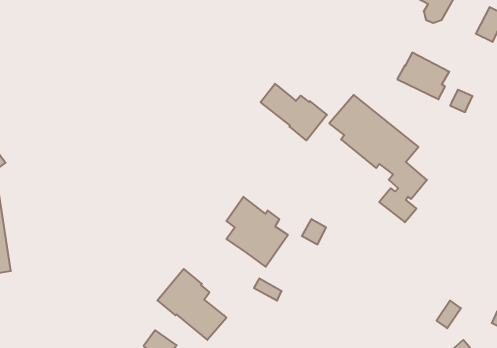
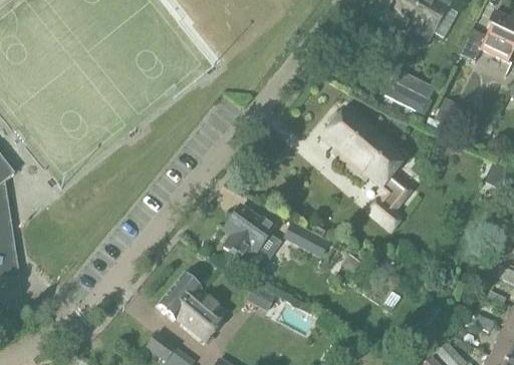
building: [261,84,327,140] -> none

